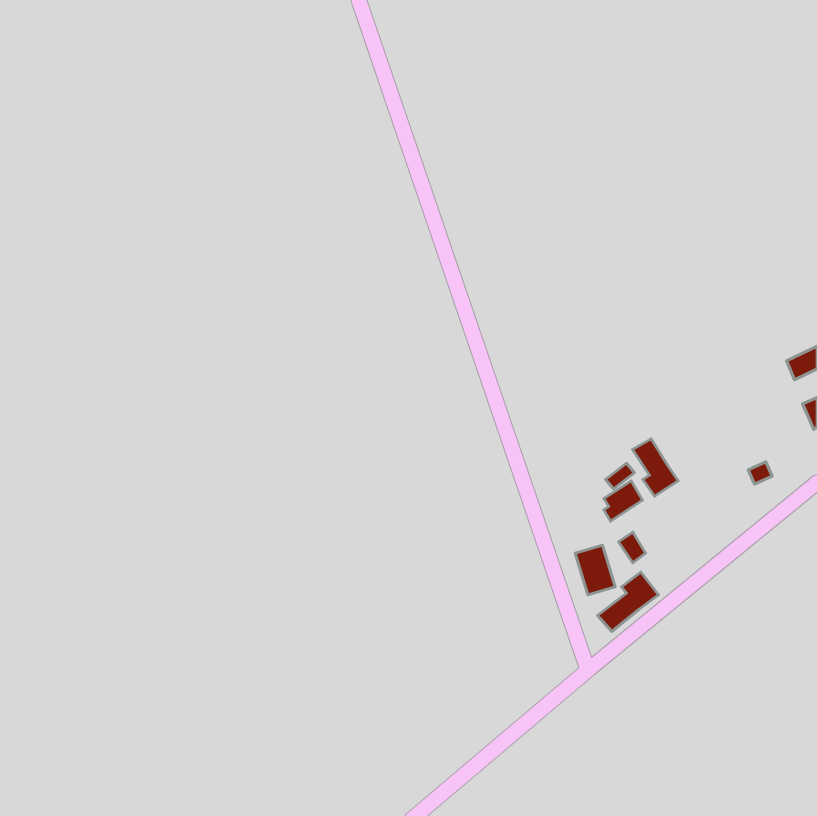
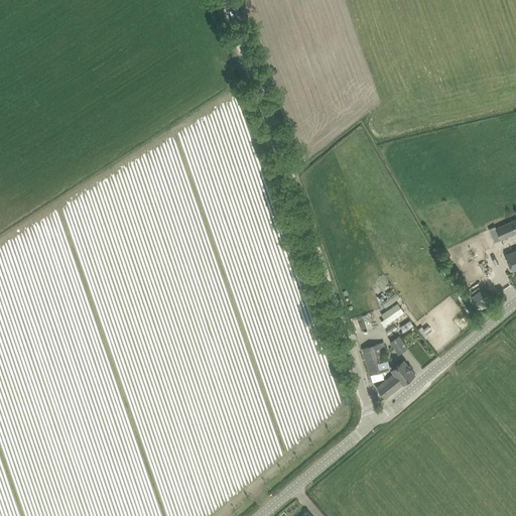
building: [633,439,678,496] -> none

